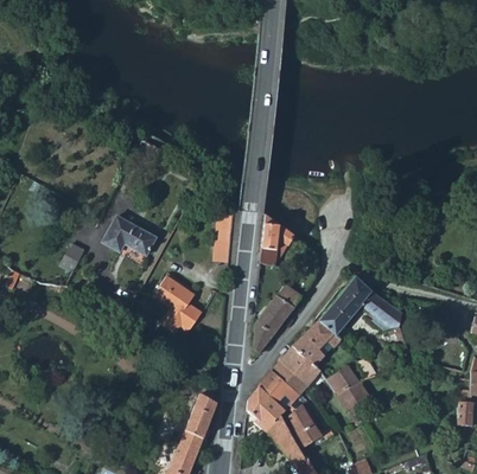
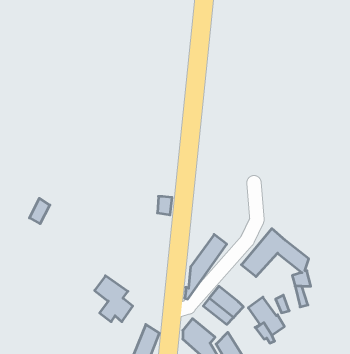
building: [106,216,159,255] -> none
building: [259,224,297,265] -> none
building: [155,275,202,331] -> [95,276,133,322]
building: [290,321,339,366] -> none
building: [257,371,299,409] -> none

